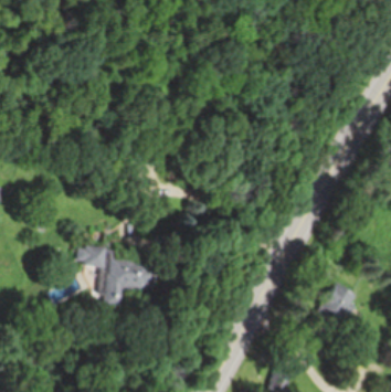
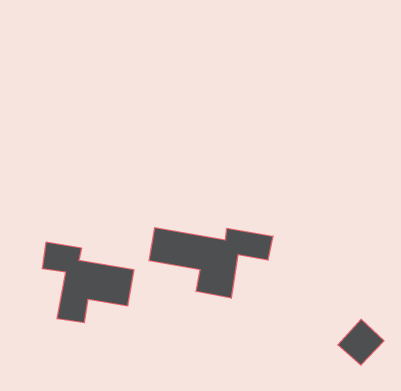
building: none -> [149,228,273,298]

